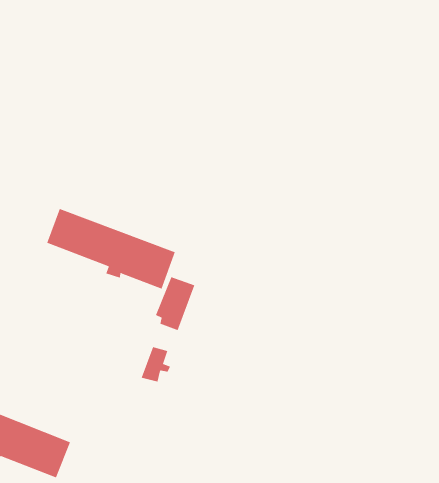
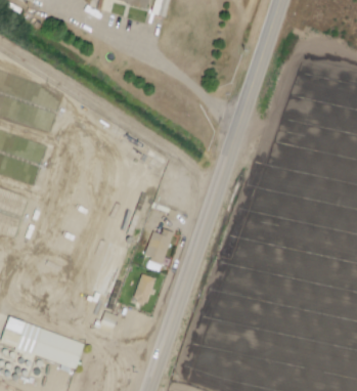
building: [47,208,176,290] -> none

